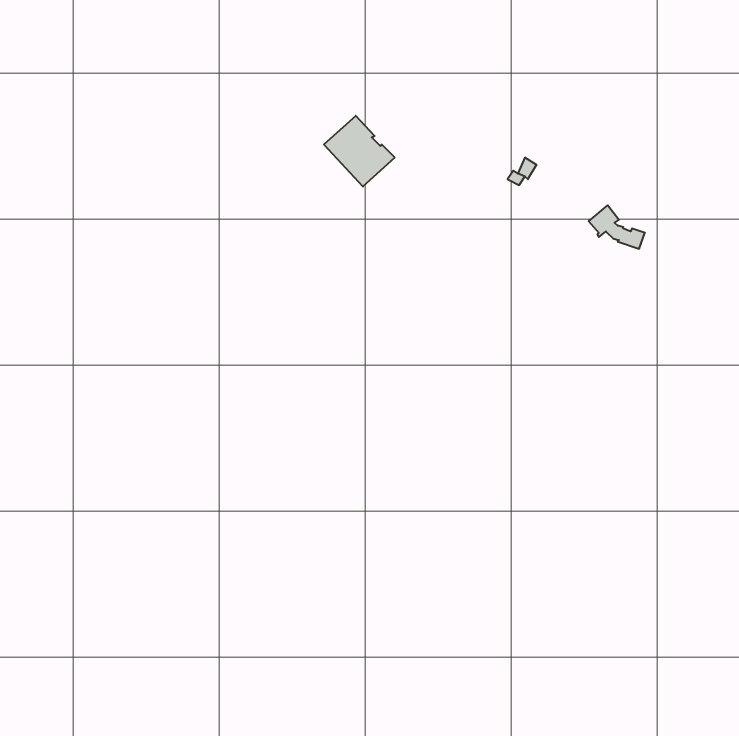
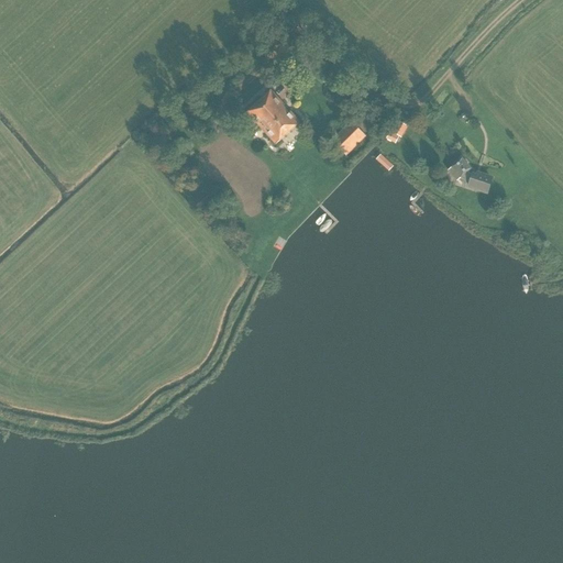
building: none -> [331,120,365,154]

